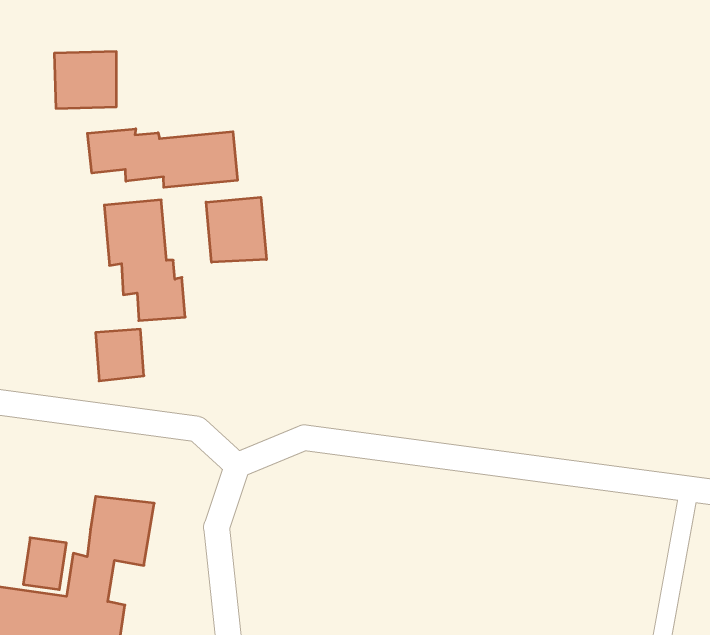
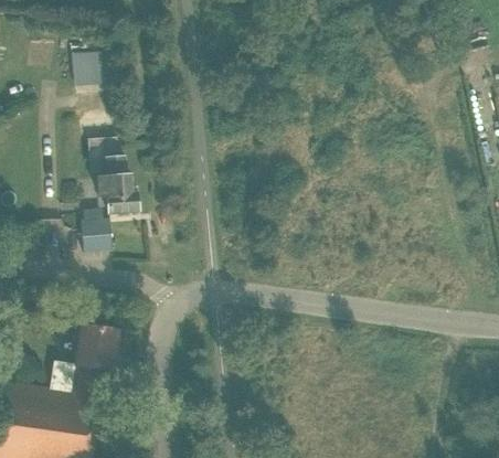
building: [87,129,237,187] -> none
building: [206,197,266,262] -> none

